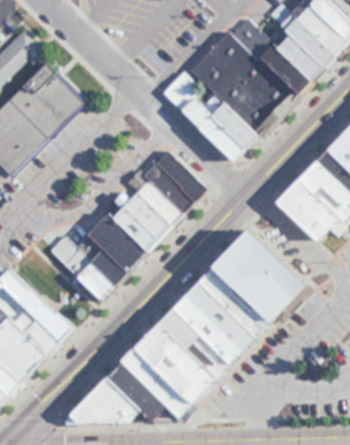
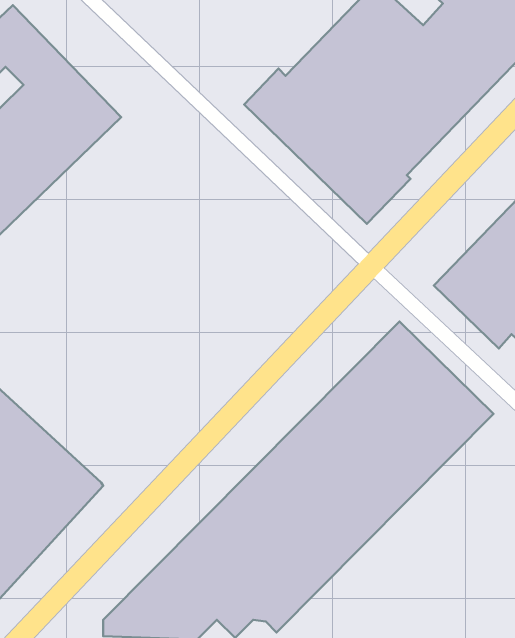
building: [45,148,206,301] -> none

